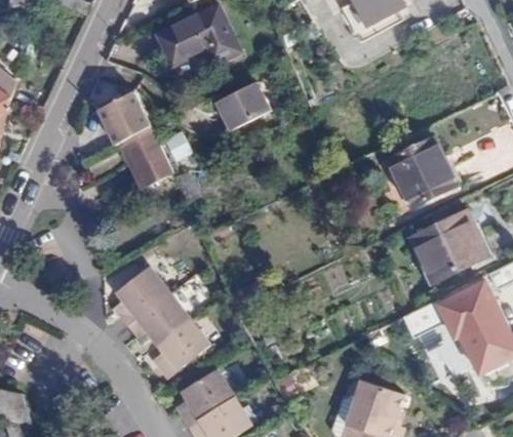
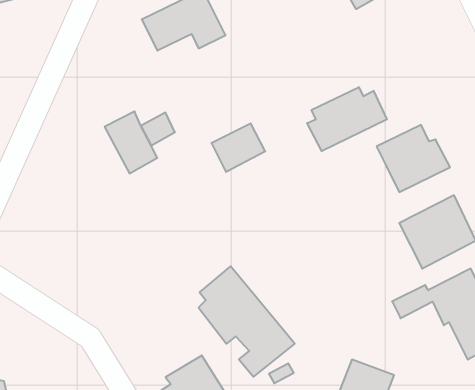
building: [216,82,270,130] -> [211,123,265,172]
building: [95,92,149,146] -> none
building: none -> [307,87,387,151]
building: [115,266,210,375] -> [199,266,295,377]

